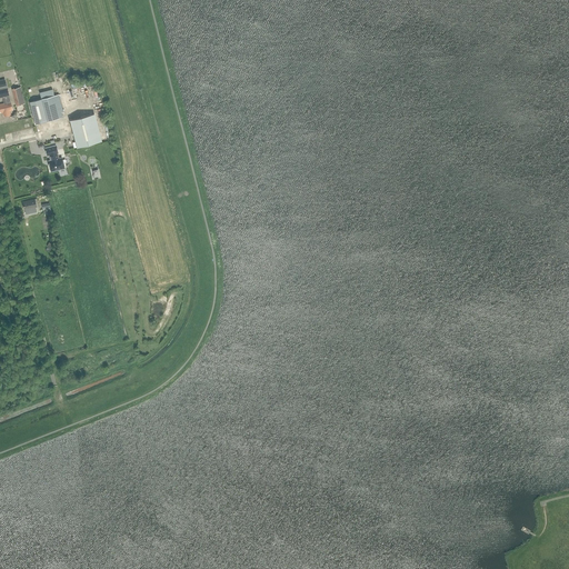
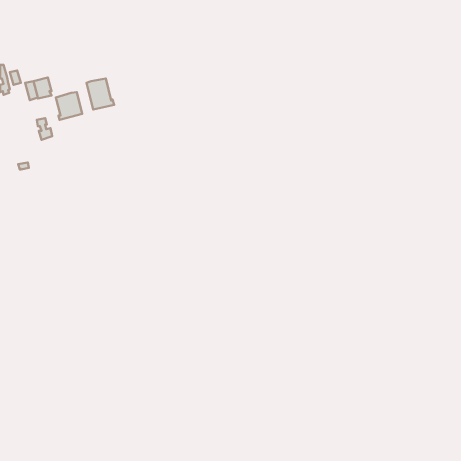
building: none -> [86,78,114,109]

